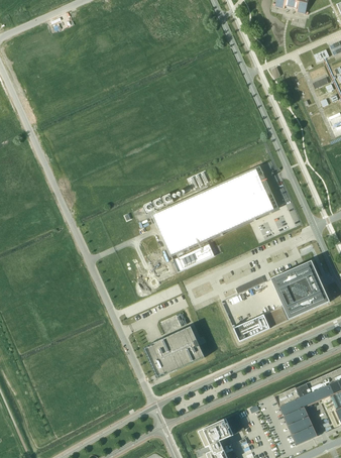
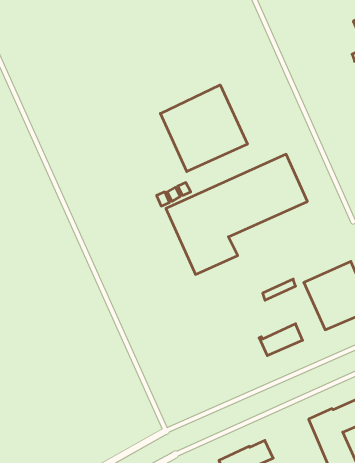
building: none -> [160,85,247,172]
building: [145,326,205,376] -> none

